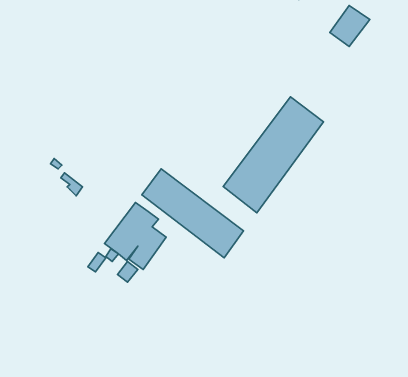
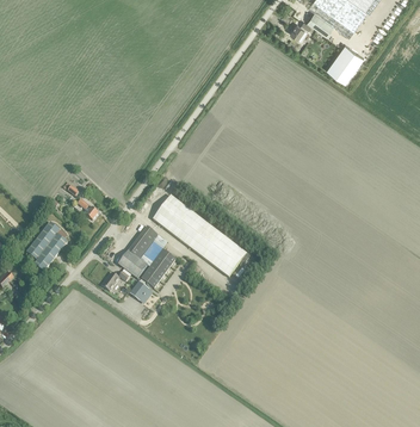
building: [223,97,324,213] -> none
building: none -> [26,221,67,271]

